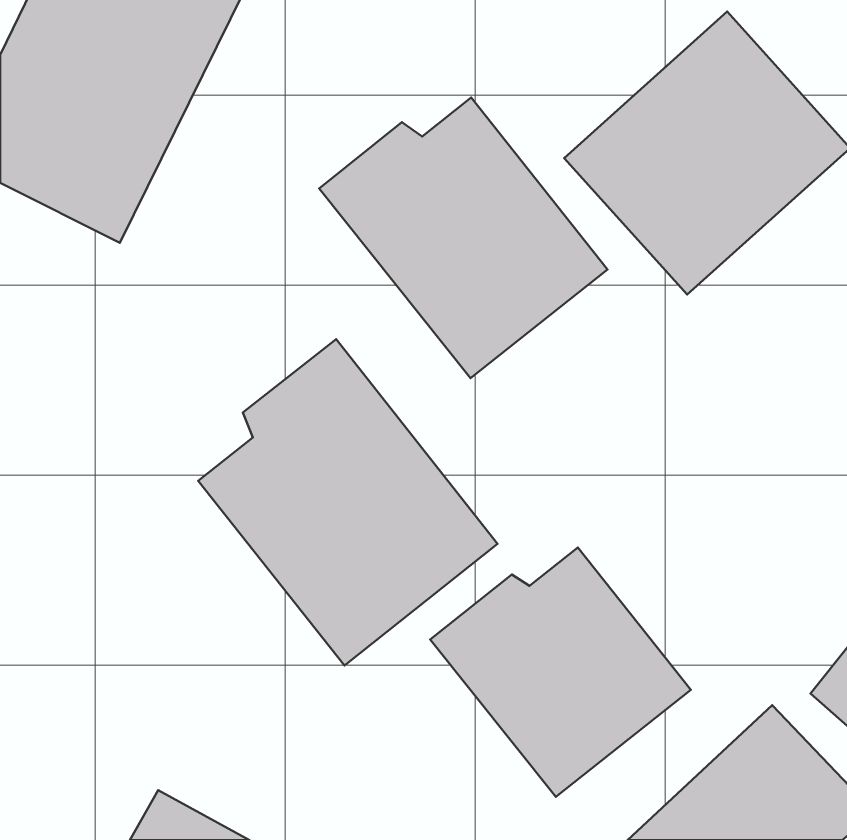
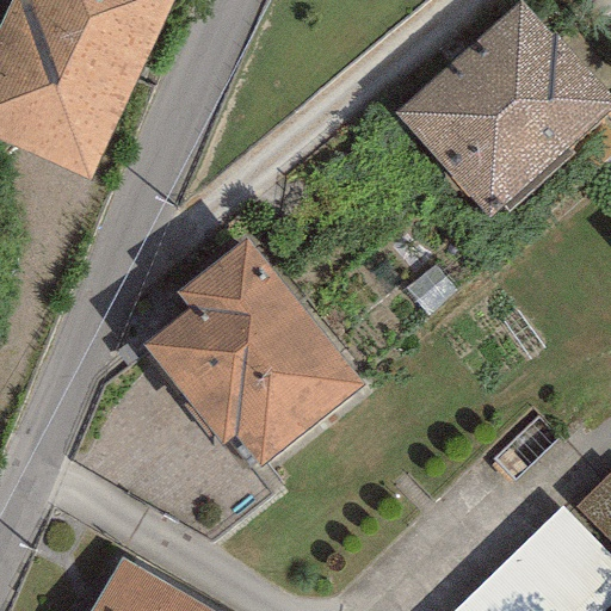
building: [319,98,608,378] -> none
building: [430,547,691,797] -> none

